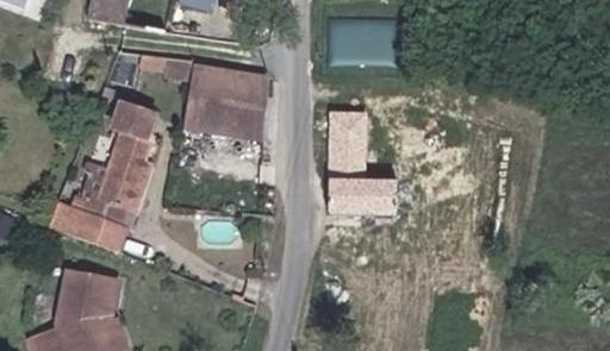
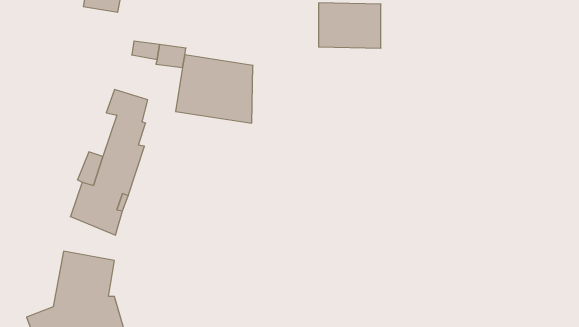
building: [323,109,398,214] -> none

